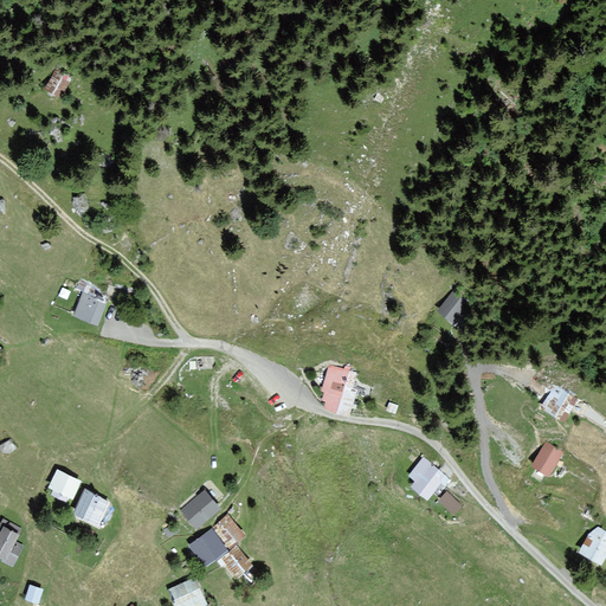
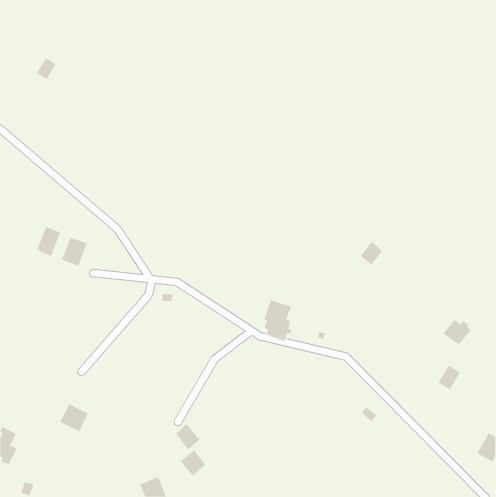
building: none -> [37,226,61,257]
building: [411,459,447,498] -> none
building: [49,470,79,502] -> none
building: [181,492,217,527] -> none
building: [189,531,225,566] -> none

